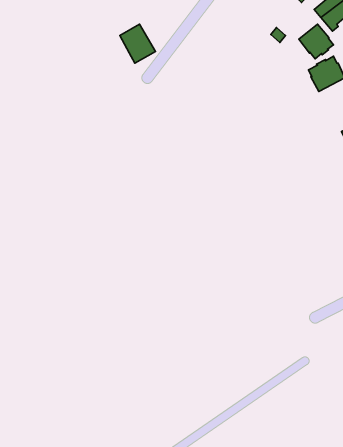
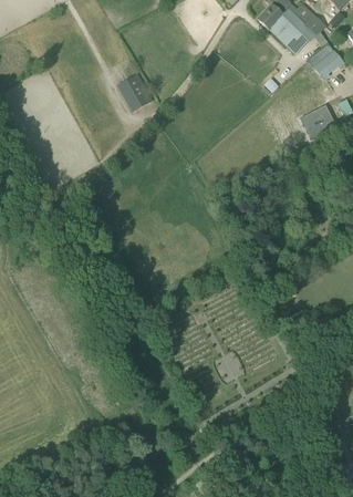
building: [299,24,334,59] -> none

